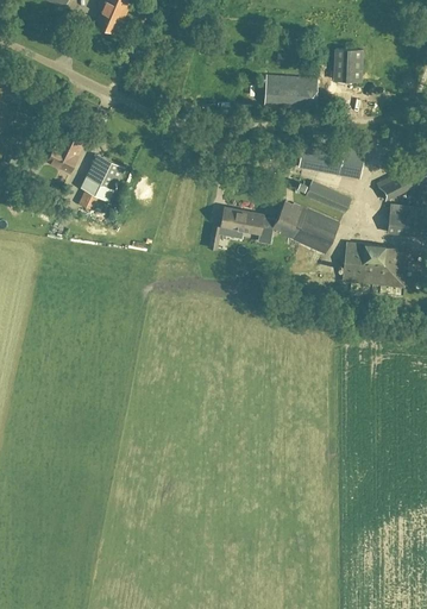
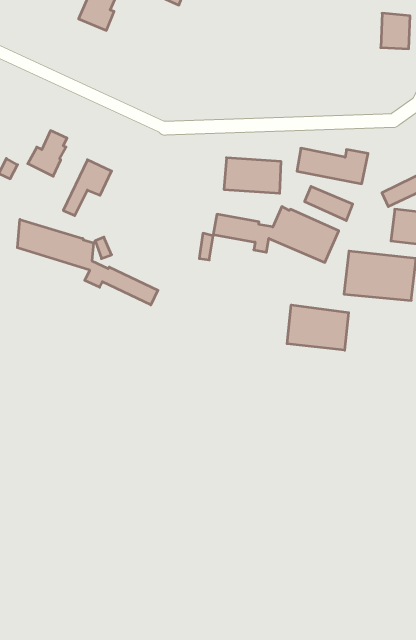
building: [334,48,362,81] -> [381,13,410,49]
building: [263,75,316,108] -> [224,158,281,193]
building: none -> [17,219,158,305]
building: none -> [287,305,349,350]

